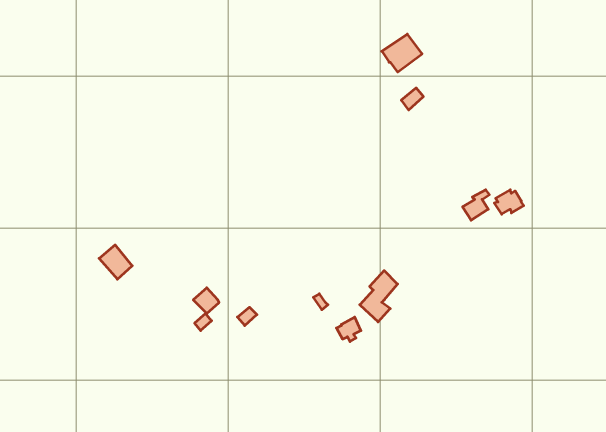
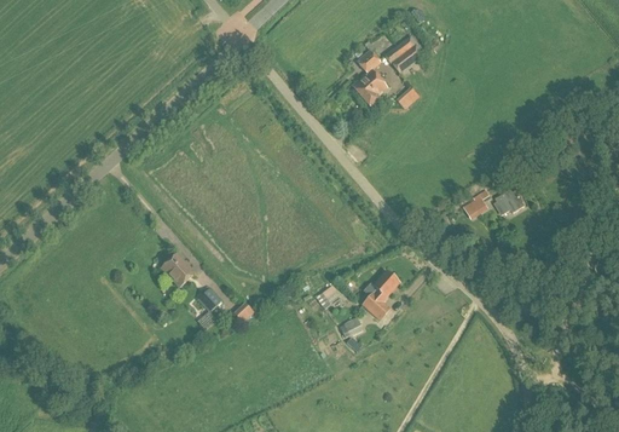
building: none -> [351,48,387,106]
building: [99,245,132,279] -> [161,252,193,286]

